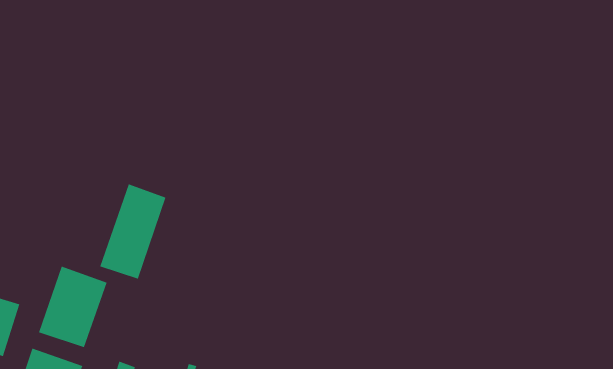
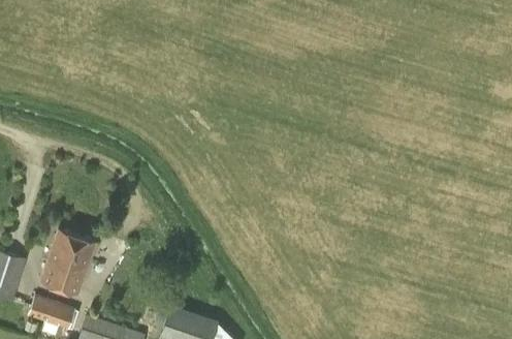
building: [100,184,166,279] -> none

